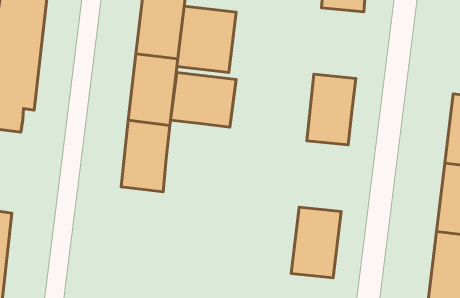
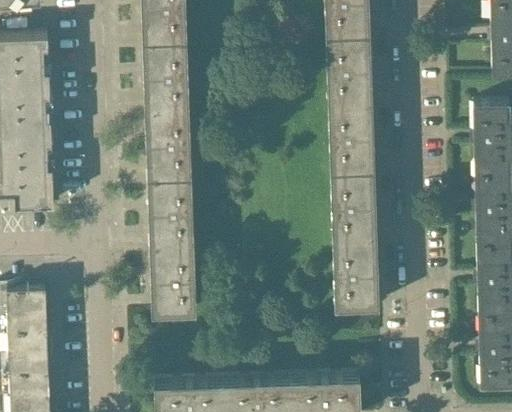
building: [177,6,236,72] -> none
building: none -> [326,38,371,108]
building: [171,72,236,127] -> none
building: none -> [331,174,376,244]
building: none -> [151,249,196,318]

